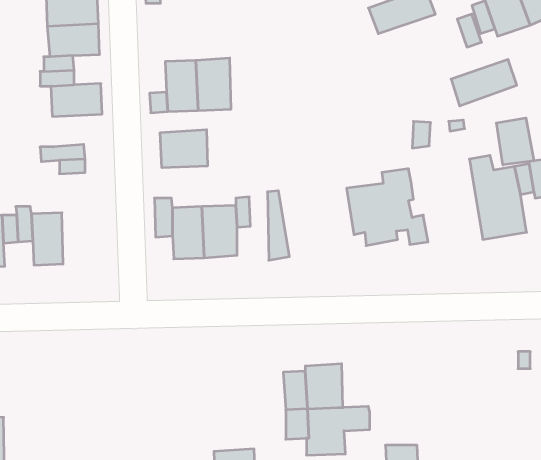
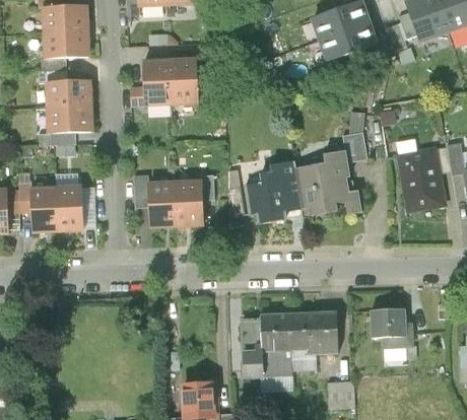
building: [451,60,517,106] -> [320,21,375,60]
building: none -> [48,104,90,132]
building: [496,118,534,165] -> none
building: [160,130,207,168] -> none
building: none -> [341,131,366,161]
building: none -> [244,160,301,222]
building: none -> [56,186,82,229]
building: none -> [370,307,411,346]
building: none -> [289,311,337,353]

